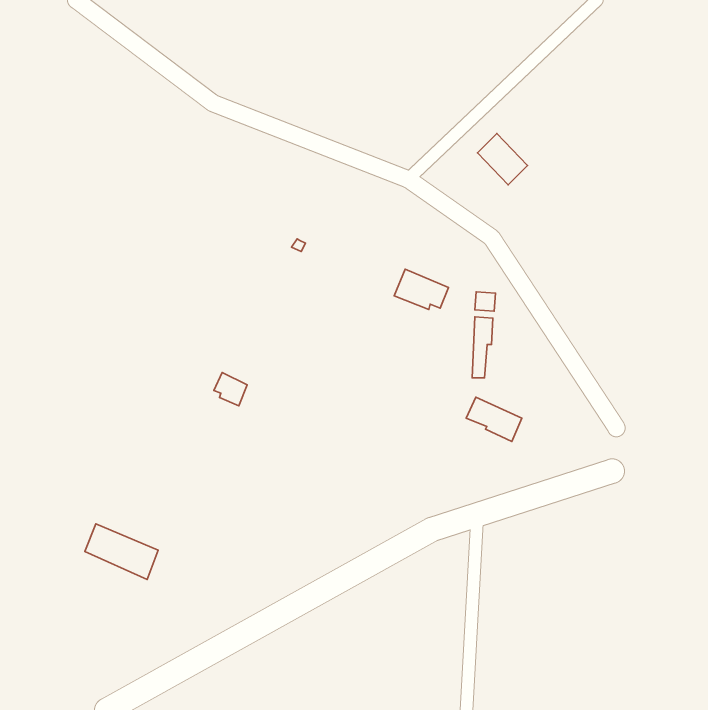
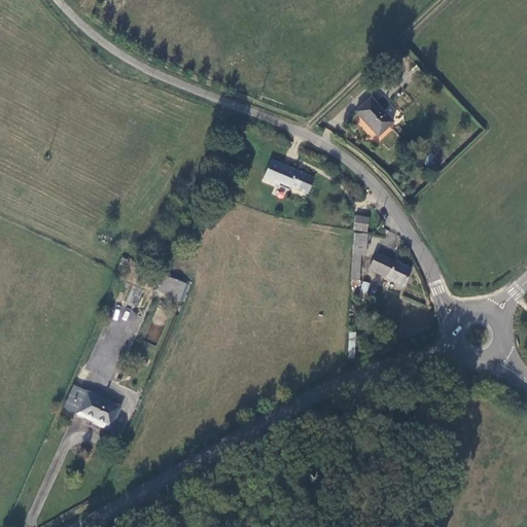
building: [394,269,448,310] -> [264,161,304,190]
building: [466,397,522,442] -> [371,254,412,287]

